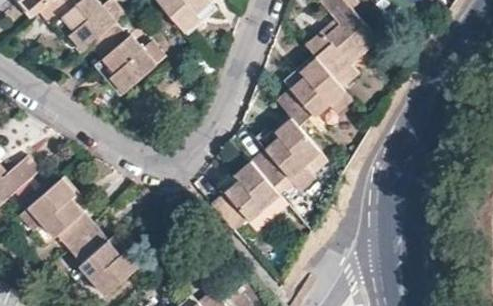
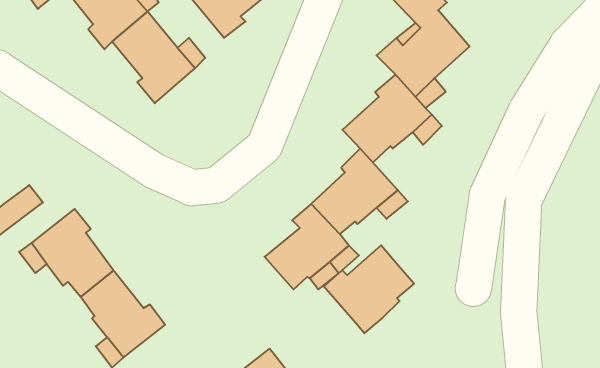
building: none -> [324,245,414,333]

